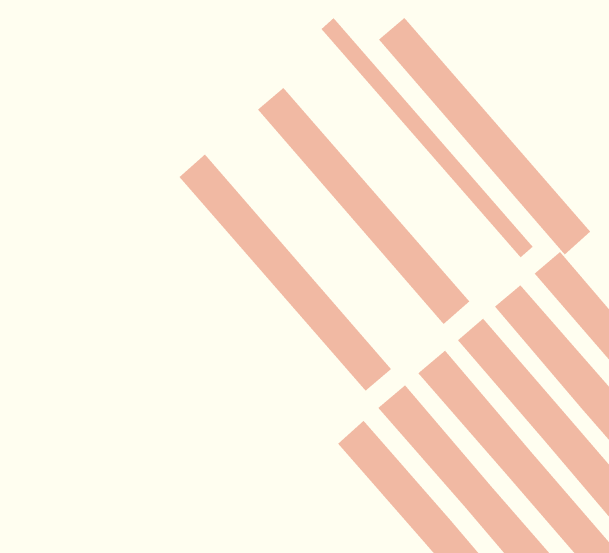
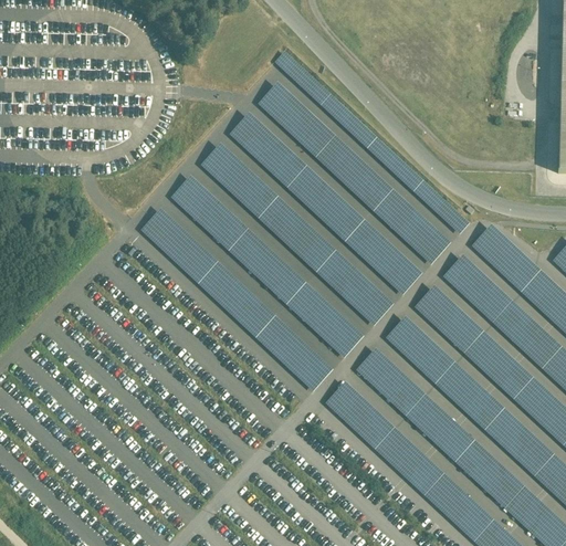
building: [378,17,591,255] -> [256,82,450,264]
building: none -> [199,144,392,326]
building: none -> [139,208,333,390]

